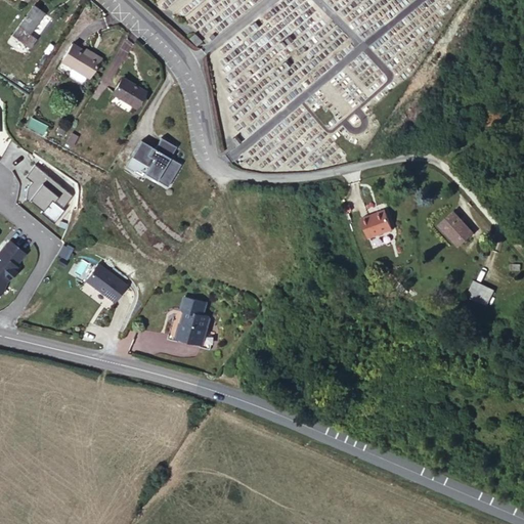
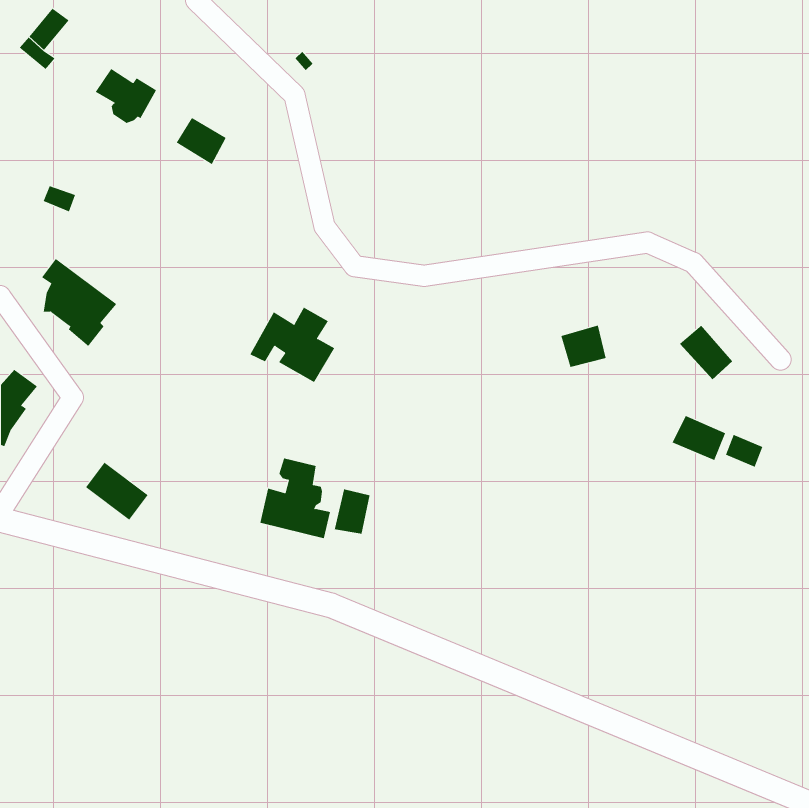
building: [127,136,182,185] -> [250,307,335,383]
building: [86,266,127,304] -> [85,462,148,520]
building: none -> [672,415,726,461]
building: none -> [334,488,370,534]

